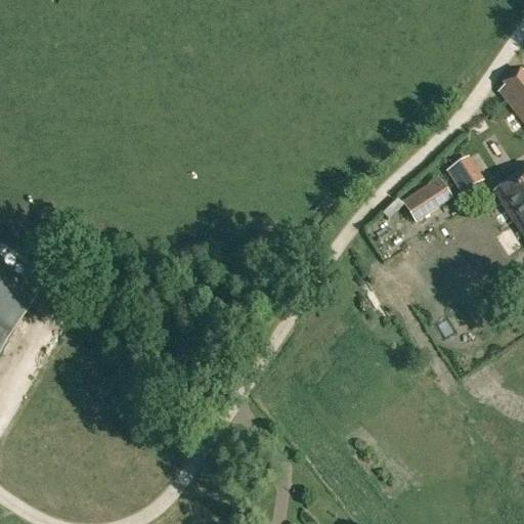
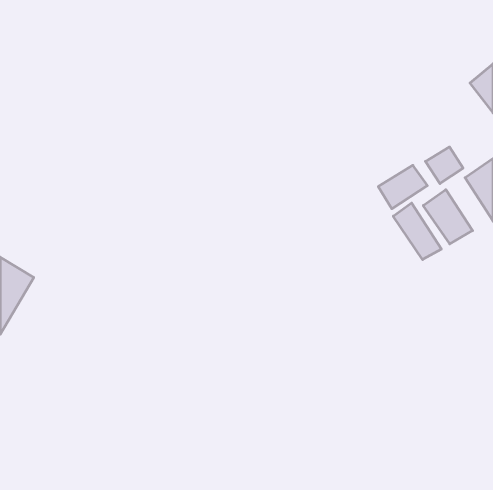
building: none -> [423,190,473,244]
building: none -> [393,203,441,260]

